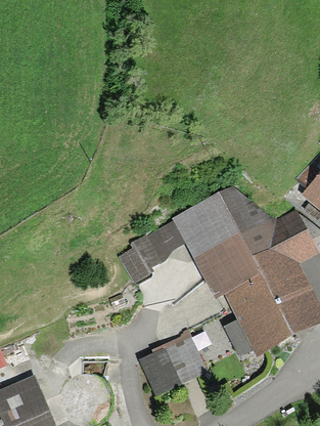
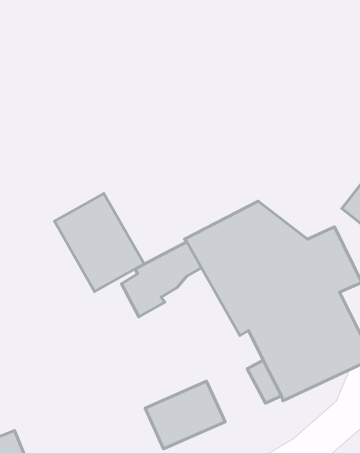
building: none -> [55,194,144,291]

